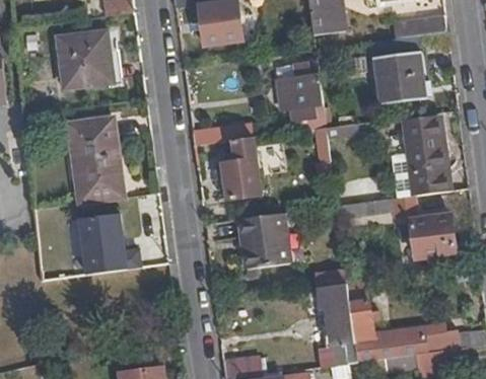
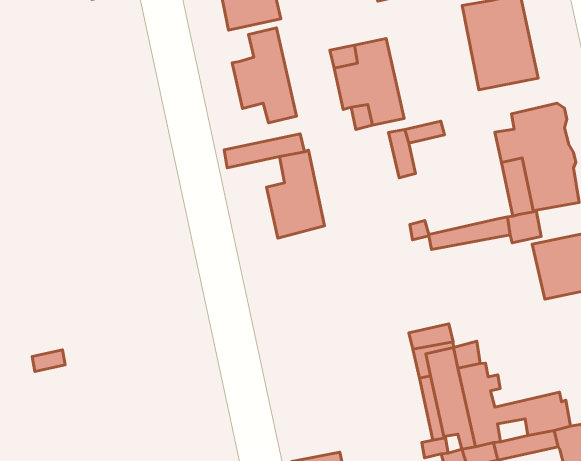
building: [59,31,112,87] -> none
building: none -> [232,28,297,123]
building: [70,118,123,202] -> none
building: [239,214,289,269] -> none
building: [71,215,134,273] -> none

